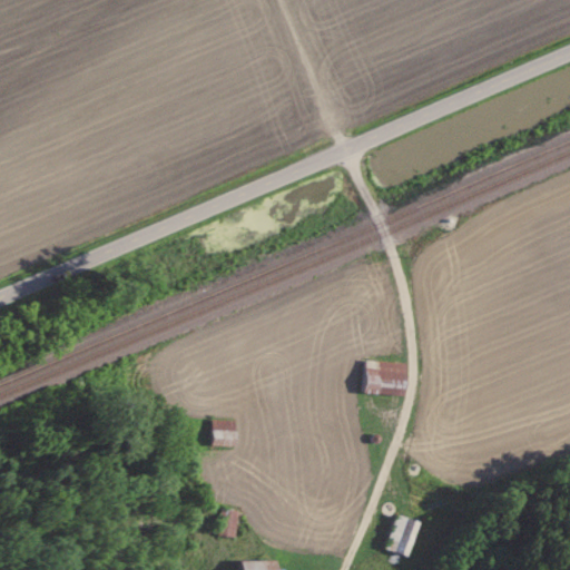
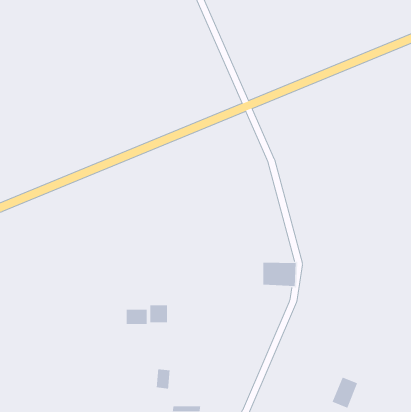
building: none -> [126,309,148,325]
building: [386,513,423,558] -> [332,376,358,409]

